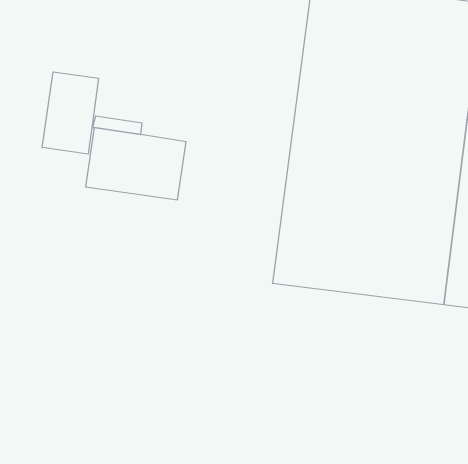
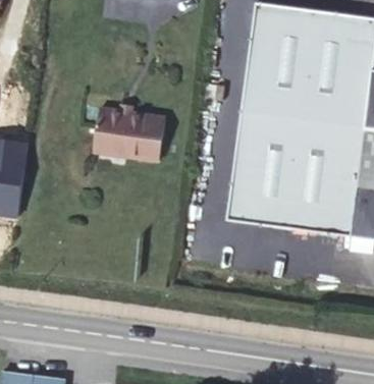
building: [42,72,98,154] -> none

